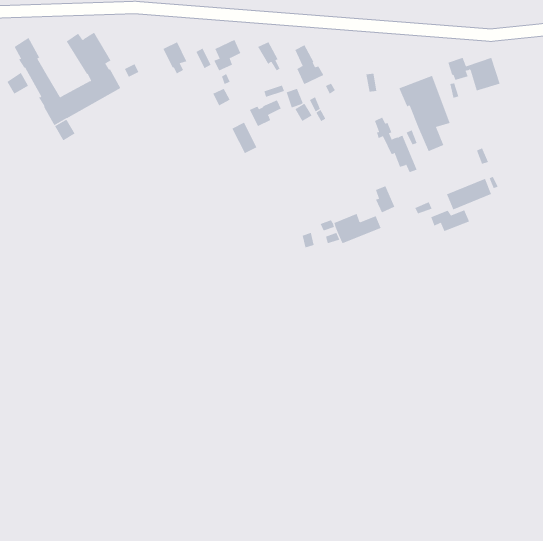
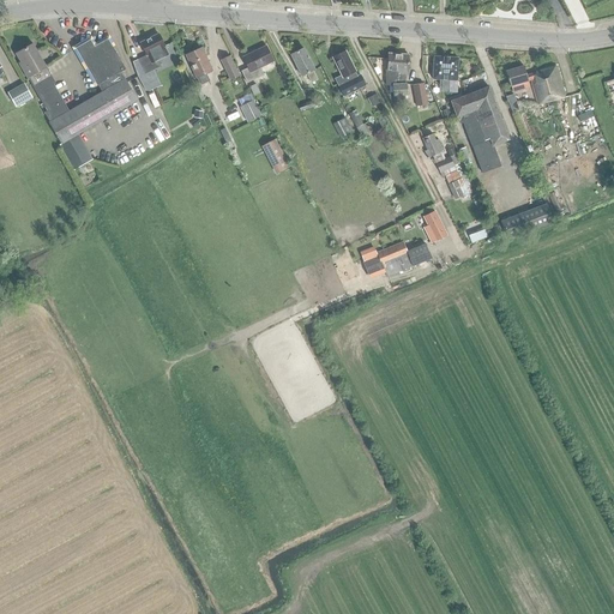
building: none -> [138,31,167,71]
building: none -> [385,53,408,104]
building: none -> [433,54,457,91]
building: [249,99,282,127] -> none
building: [431,209,470,232] -> none

